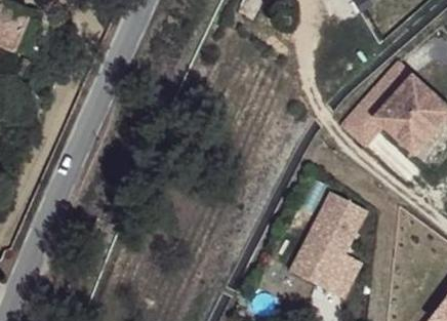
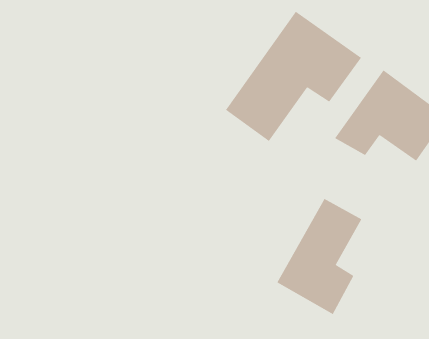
building: none -> [225,11,362,142]

